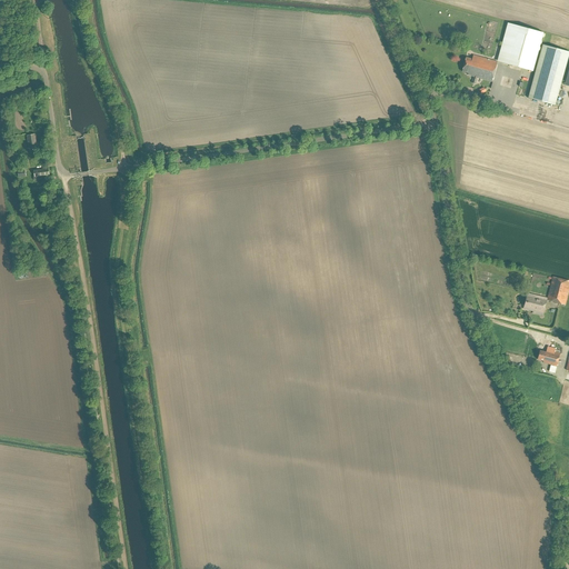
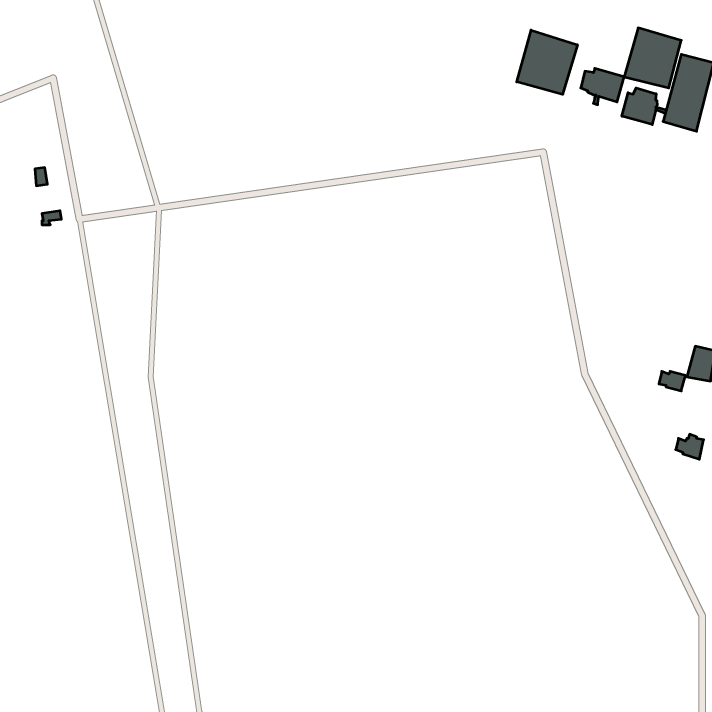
building: none -> [517,30,577,94]
building: none -> [622,88,666,125]

